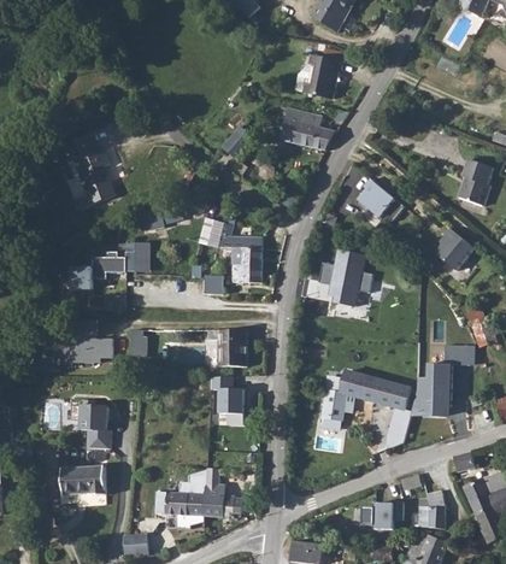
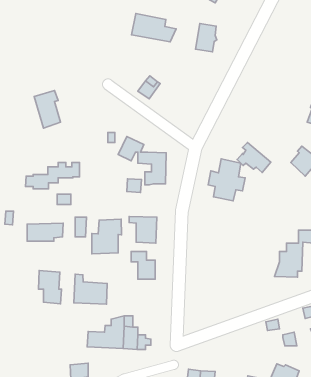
building: [266,108,329,148] -> [131,14,176,42]
building: [357,177,404,219] -> [237,142,271,172]
building: none -> [92,219,121,254]
building: [322,372,411,422] -> none
building: none -> [74,274,107,304]
building: [61,468,104,505] -> none
building: [365,503,395,529] -> none
building: [417,510,445,530] -> none

